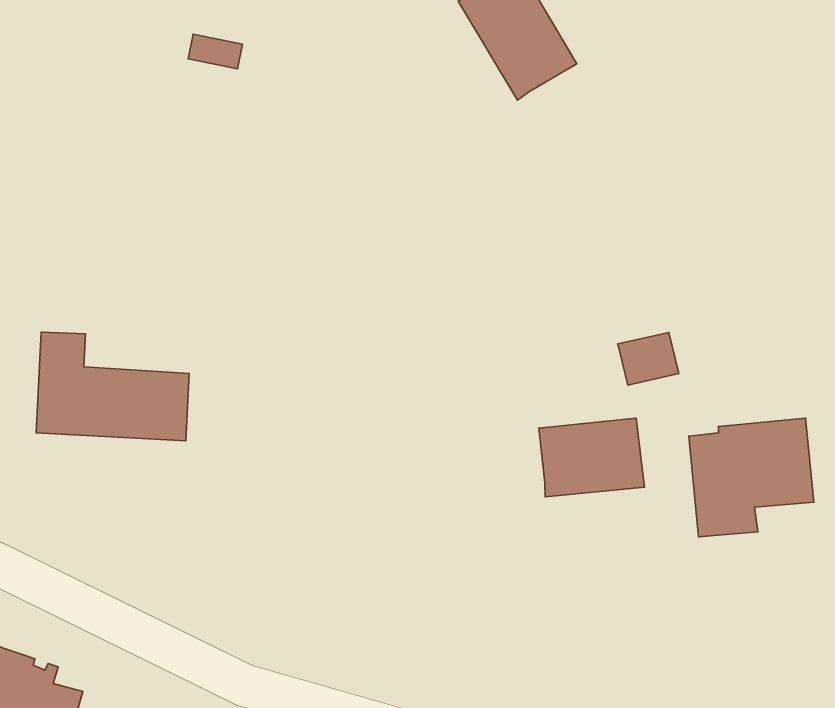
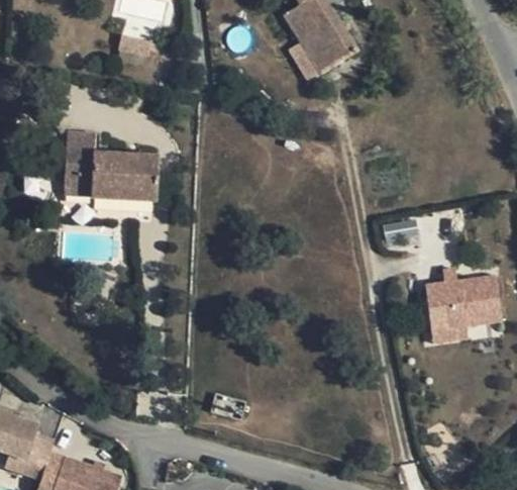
building: [36,332,189,441] -> [64,134,158,201]
building: [539,418,644,497] -> none

